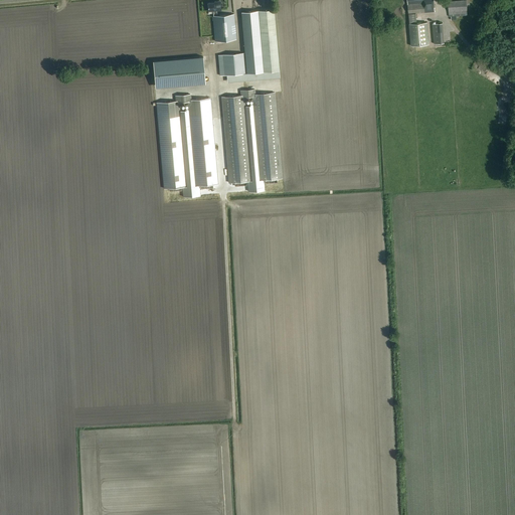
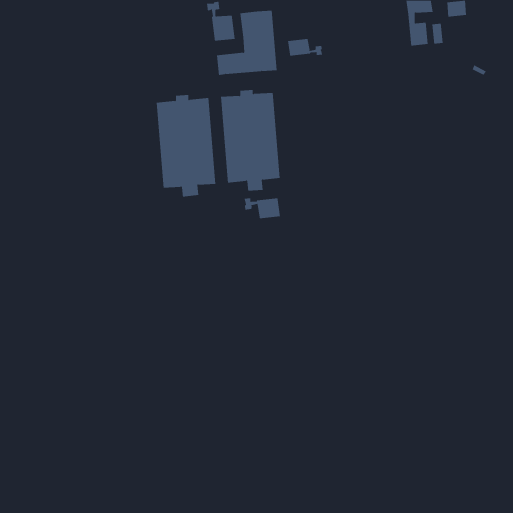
building: none -> [287,38,323,56]
building: [152,57,204,89] -> none
building: none -> [244,197,281,219]

